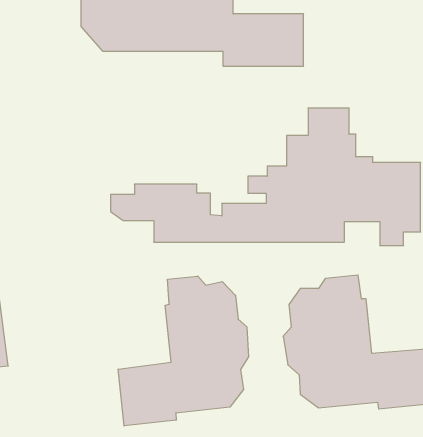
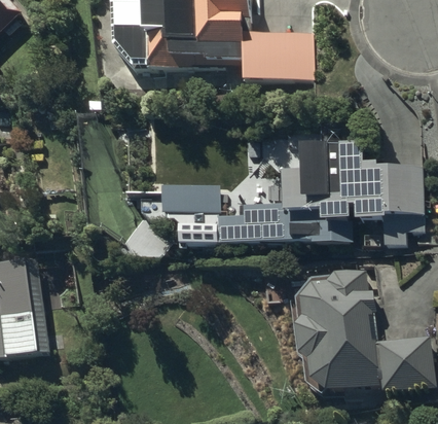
building: [118,276,249,426] -> none

